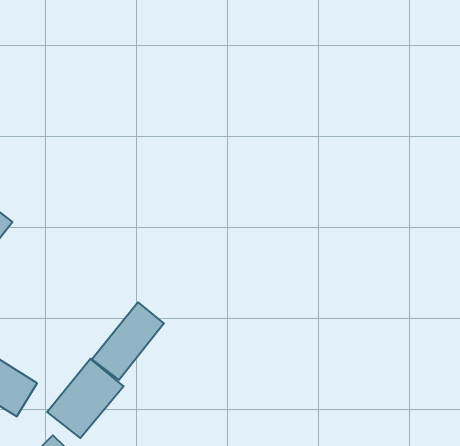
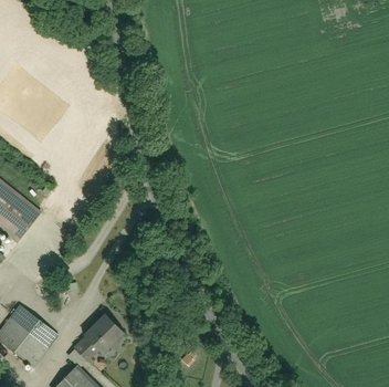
building: [92,302,164,380] -> none

